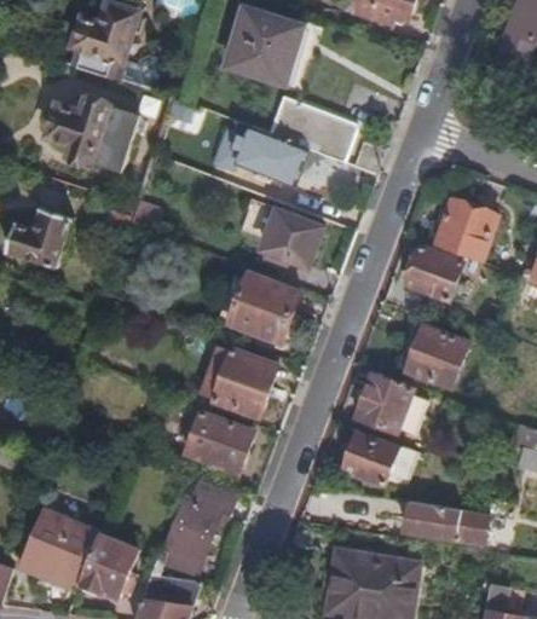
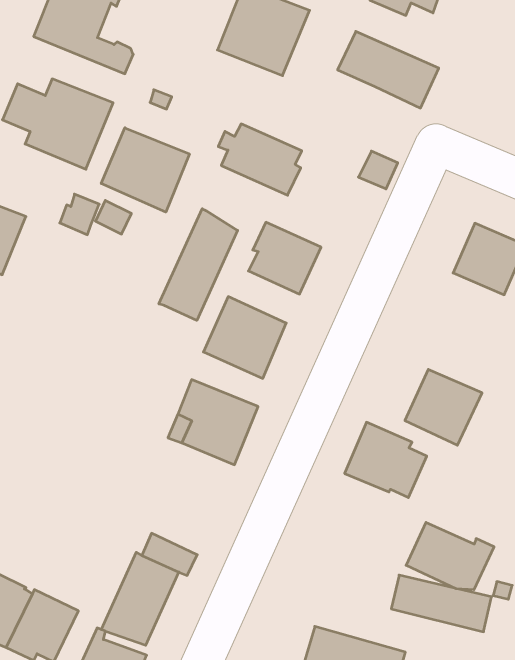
building: [268,100,354,162] -> [338,31,439,108]
building: none -> [101,128,189,212]
building: none -> [159,209,238,320]
building: [405,245,462,299] -> none
building: [186,413,254,475] -> none
building: [341,433,415,487] -> [406,522,494,590]

